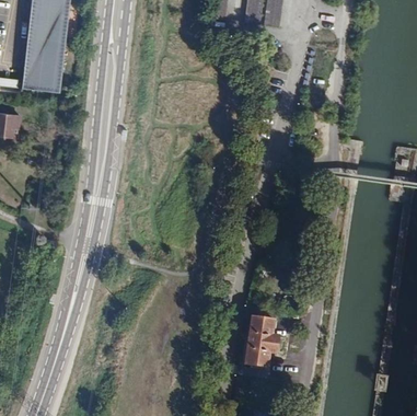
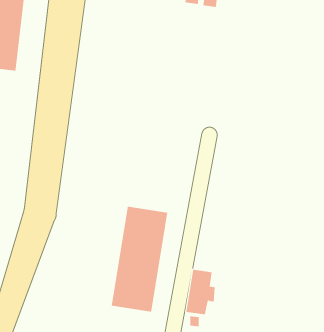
building: none -> [111,206,168,313]

